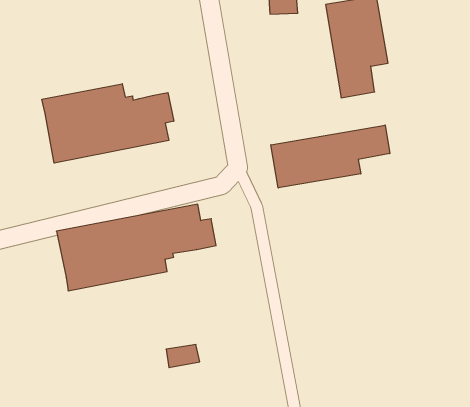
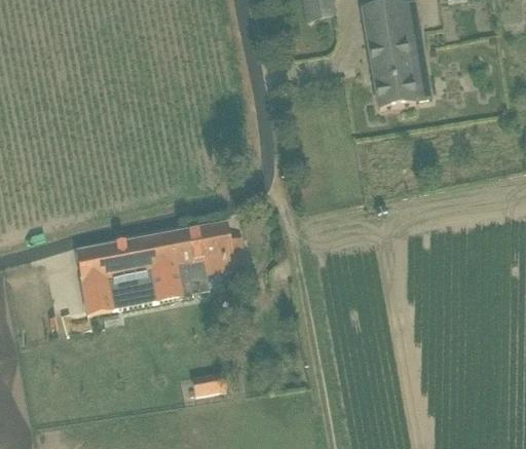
building: [42,84,174,163] -> none
building: [271,125,390,188] -> none

